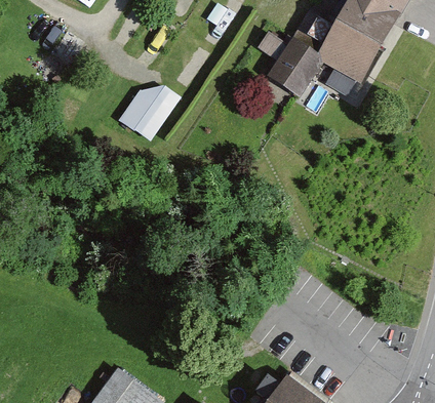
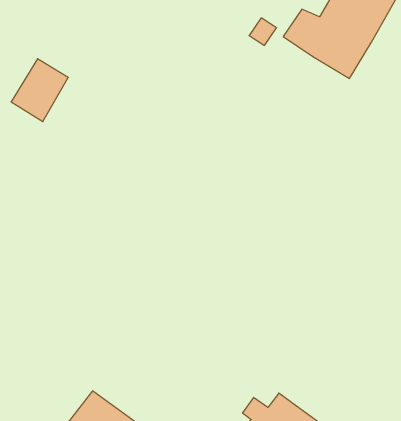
building: [269,43,321,96] -> none
building: [125,76,179,134] -> [11,59,68,122]

